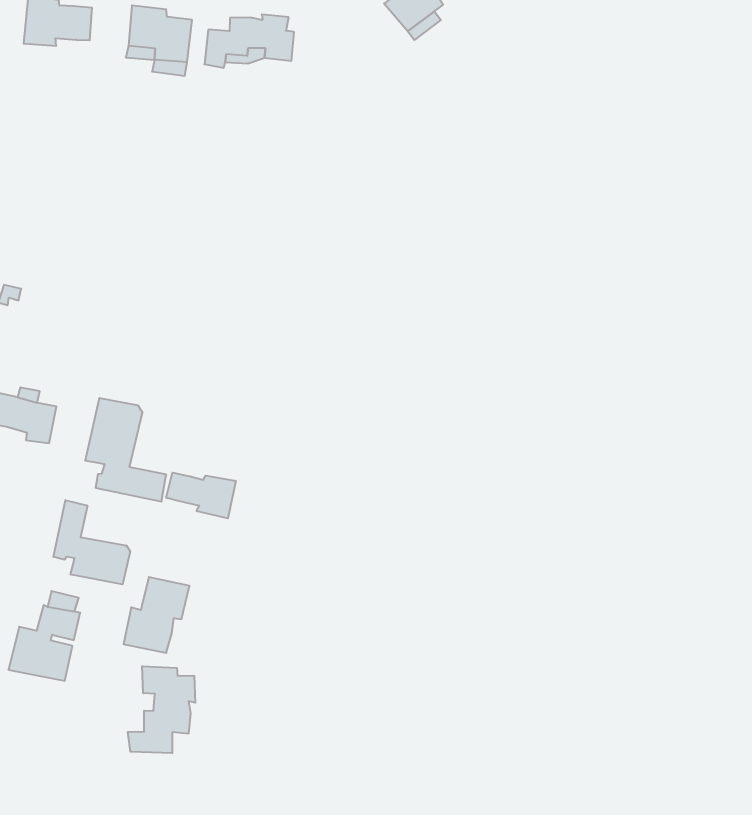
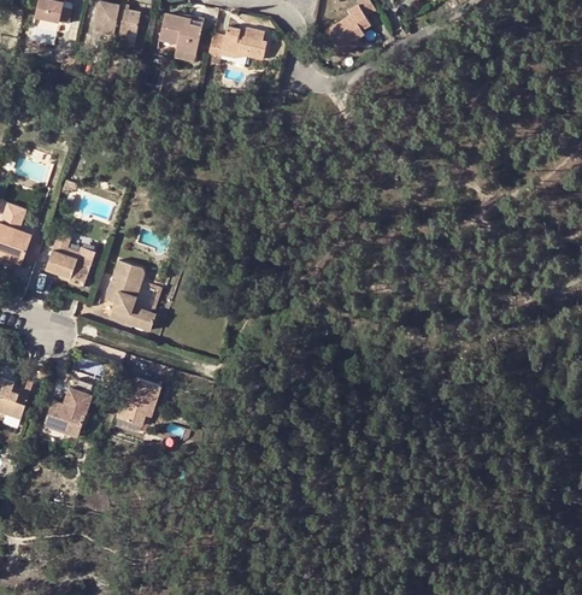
building: [166,473,236,518] -> none
building: [53,500,130,584] -> none
building: [128,666,195,753] -> none

